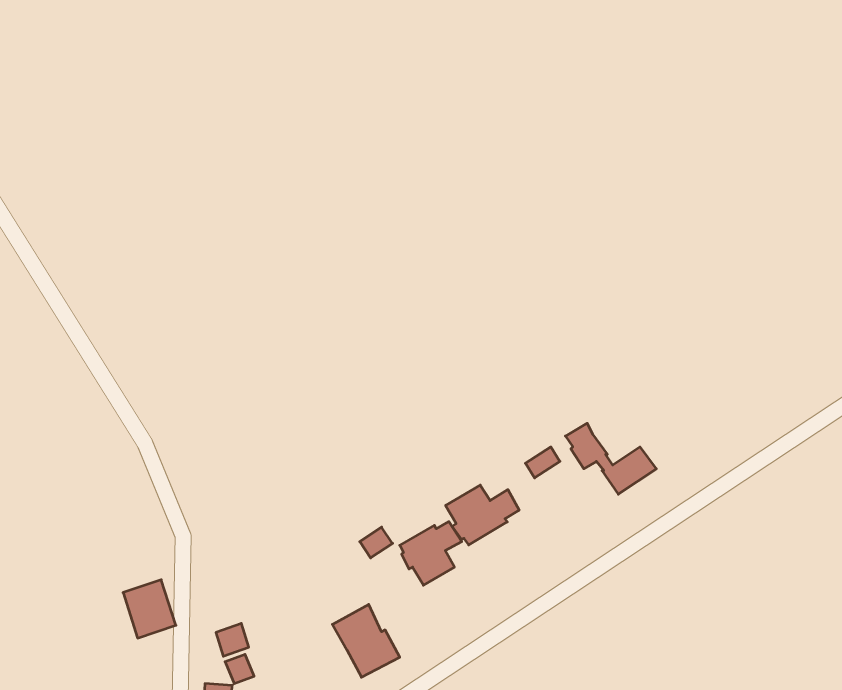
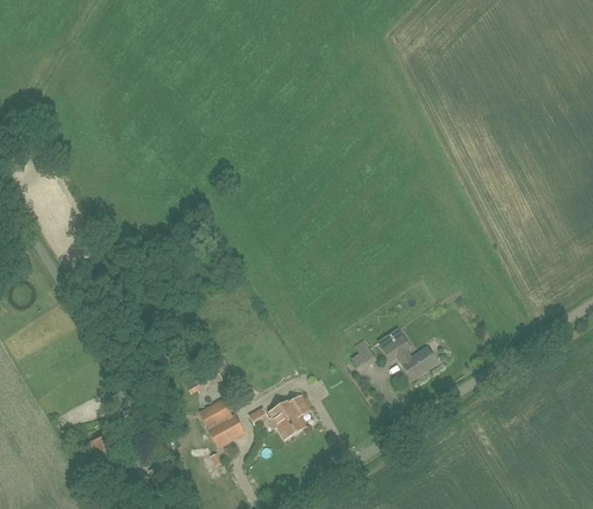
building: [446,485,519,545] -> none
building: [332,604,400,677] -> [199,398,243,446]

